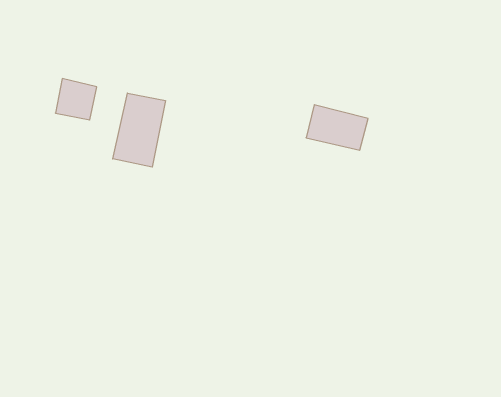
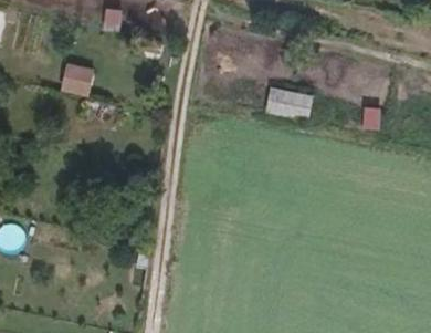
building: [113,93,165,167] -> none

